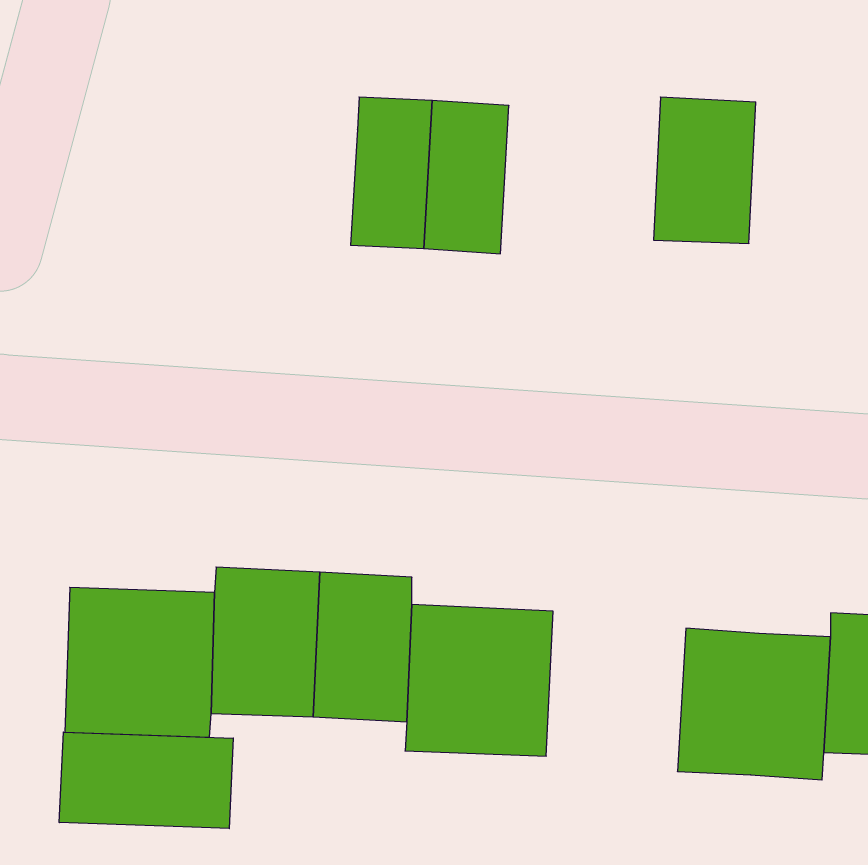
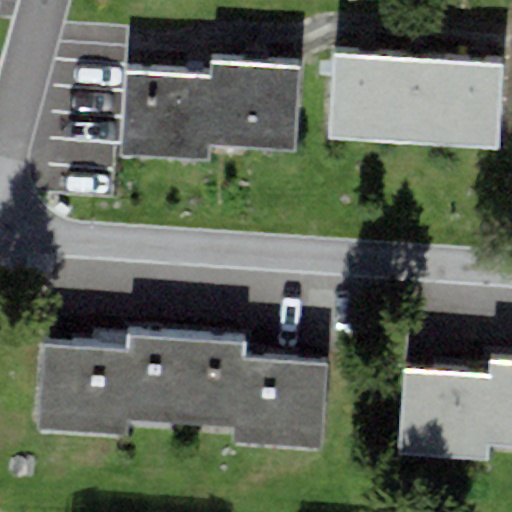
building: none -> [330,54,389,141]
building: none -> [441,60,502,146]
building: none -> [121,71,211,160]
building: [59,732,233,829] -> none

